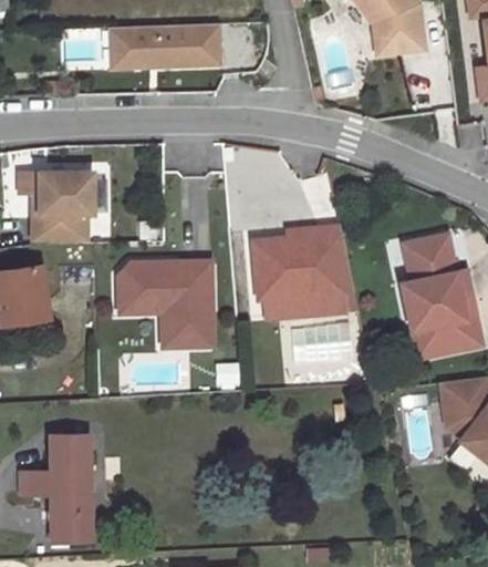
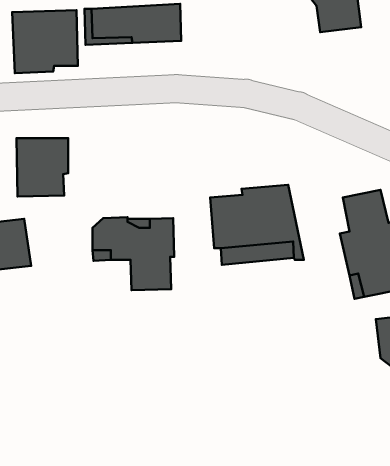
building: none -> [12,10,78,73]
building: [21,437,91,542] -> none

